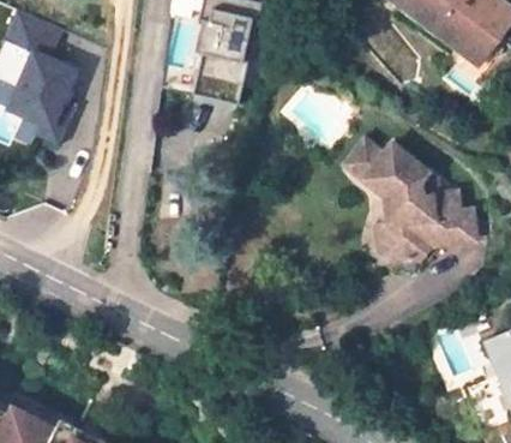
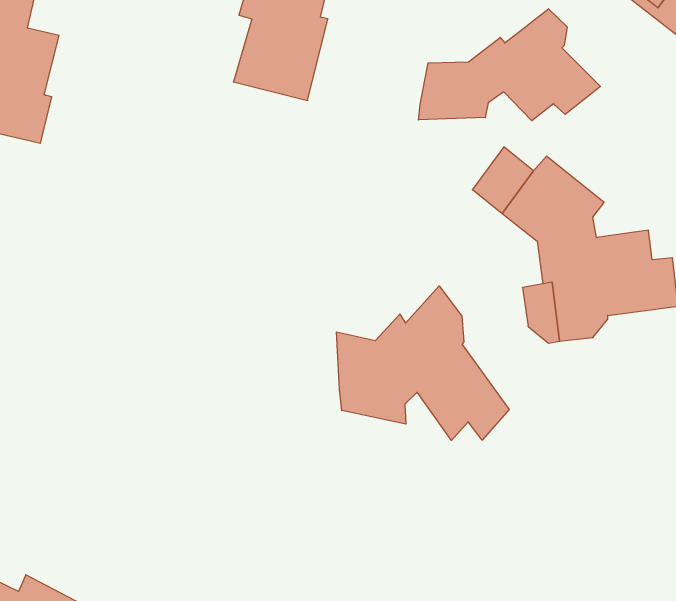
building: none -> [419,9,600,121]
building: none -> [337,286,509,440]

